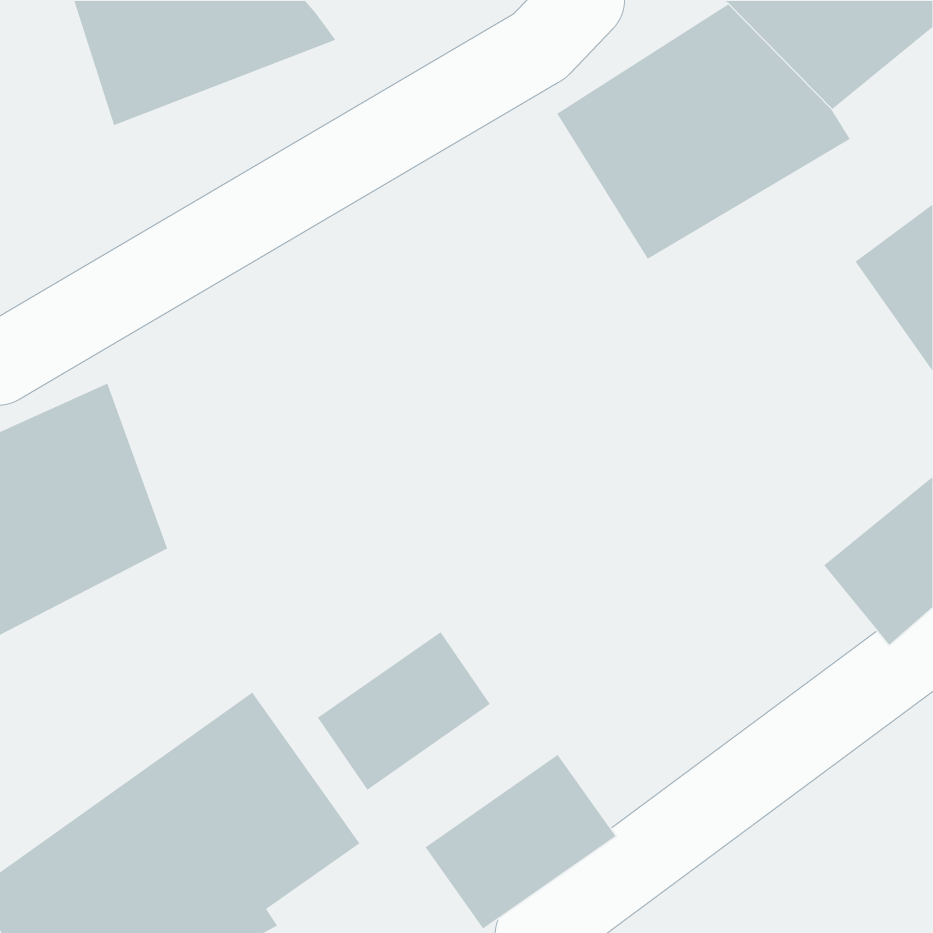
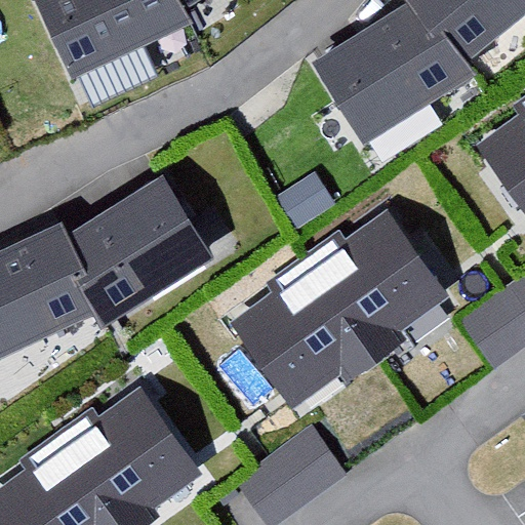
building: none -> [60,160,220,321]
building: none -> [231,212,448,408]
building: [317,631,491,791] -> none

